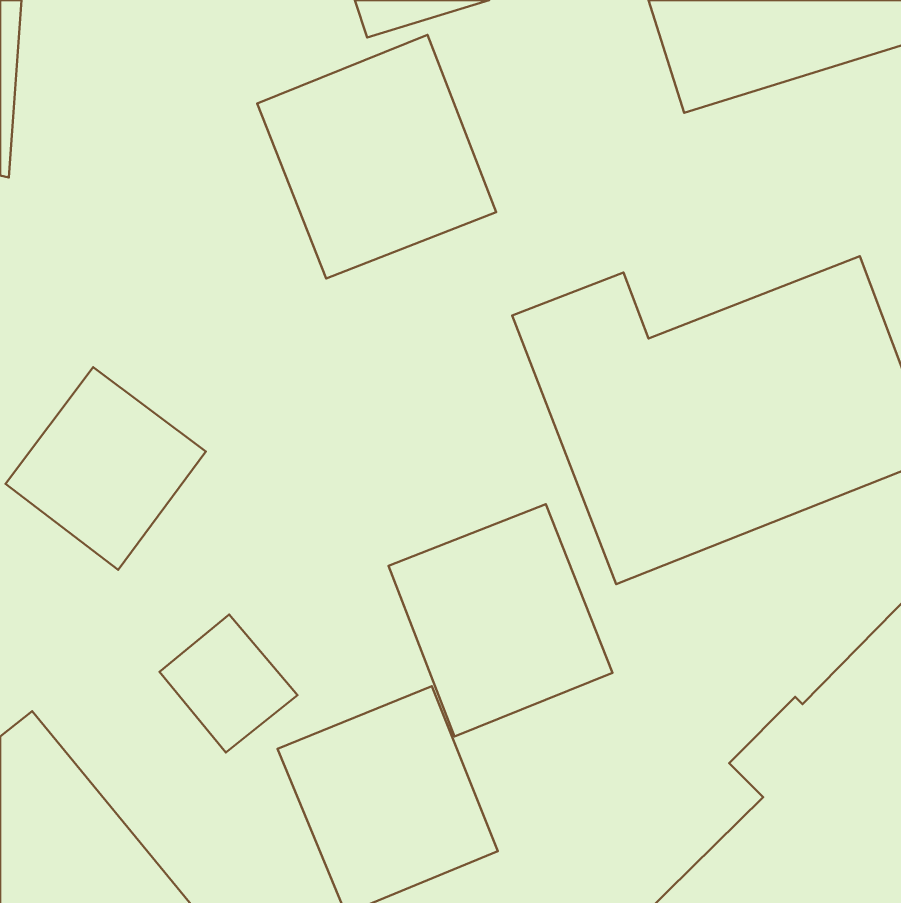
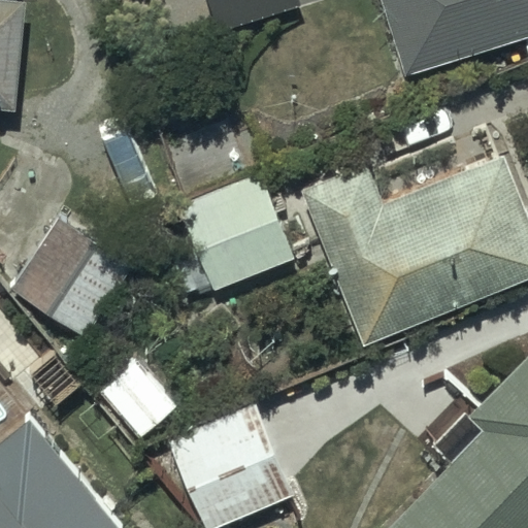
building: [257,35,496,278] -> none
building: none -> [160,174,297,293]
building: [388,504,613,736] -> none

